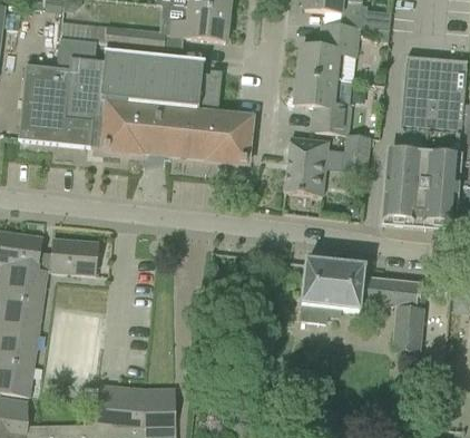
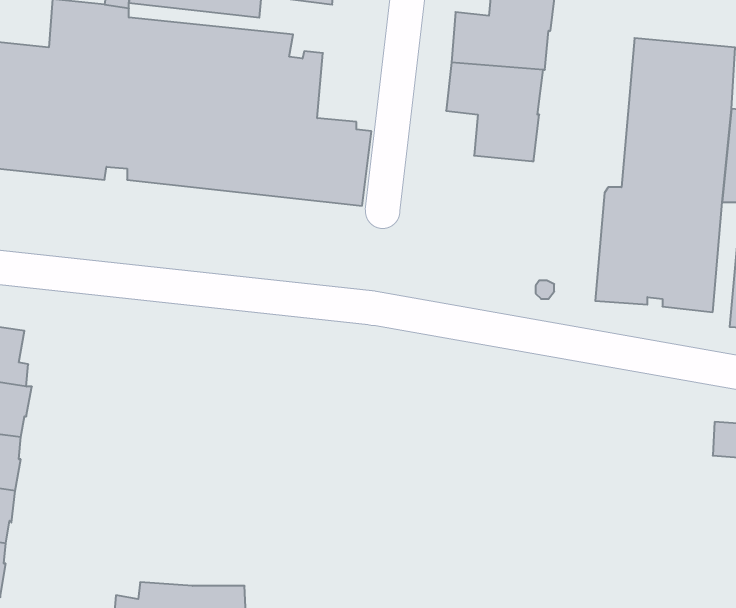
building: [343,134,372,173] -> none
building: [285,138,329,196] -> none
building: [45,237,99,274] -> none
building: [301,261,427,351] -> none

